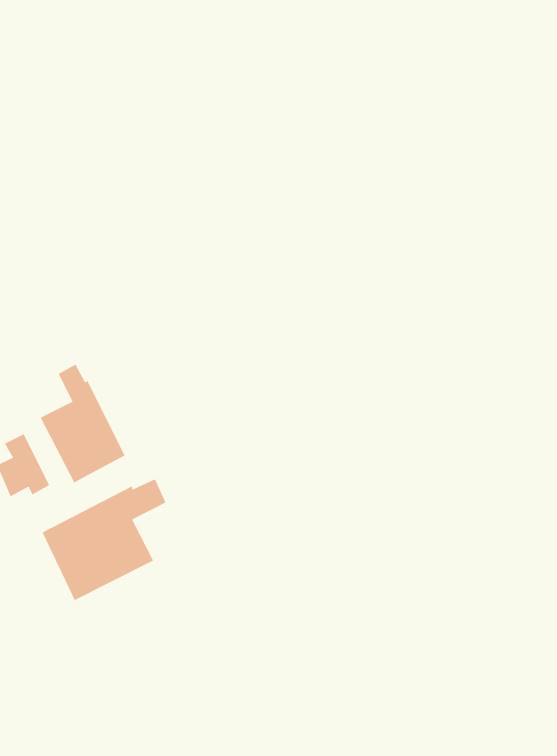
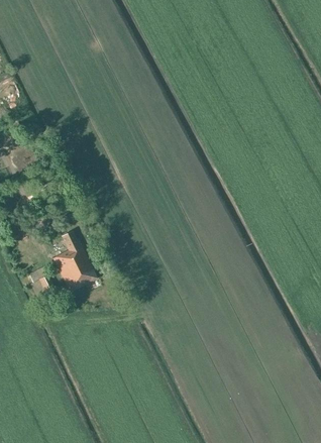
building: [42,479,166,601] -> none

